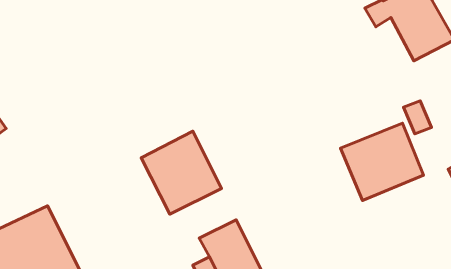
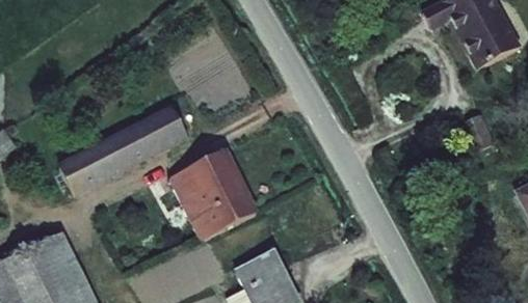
building: none -> [56,104,188,195]
building: [341,123,424,201] -> none

